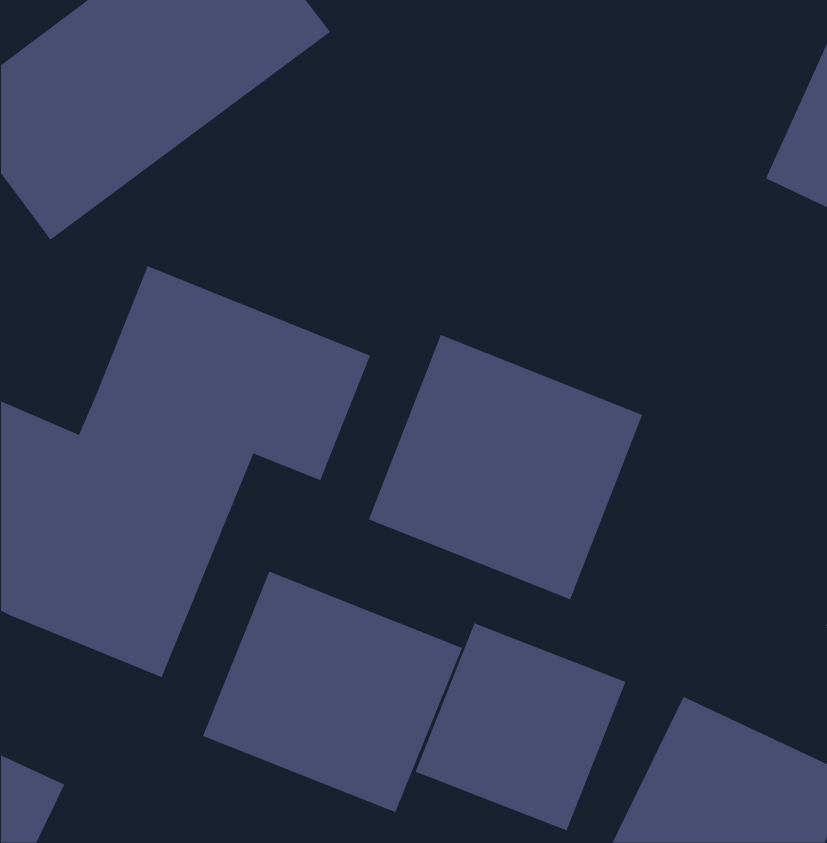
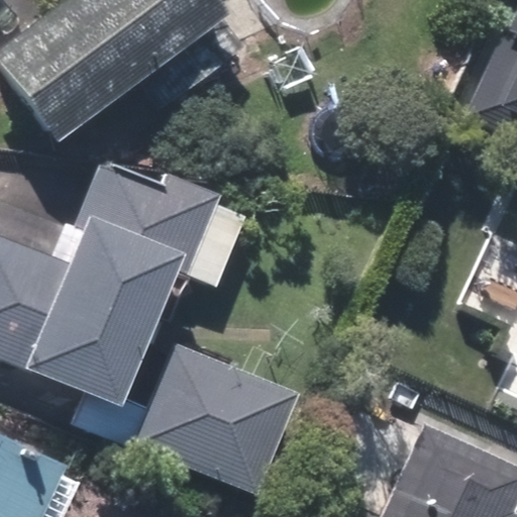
building: [368,334,643,600] -> none
building: [415,622,626,831] -> none

